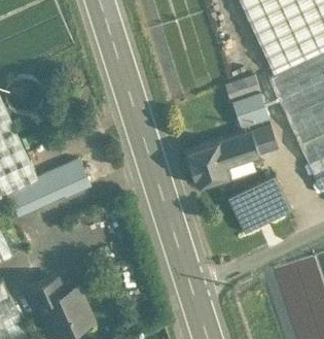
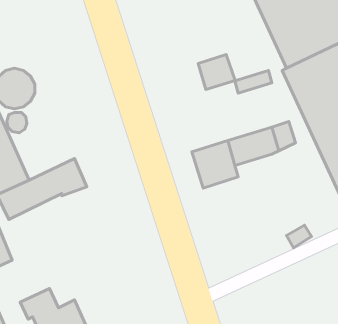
building: [236,94,269,126] -> [198,55,235,90]
building: [229,175,291,230] -> none

